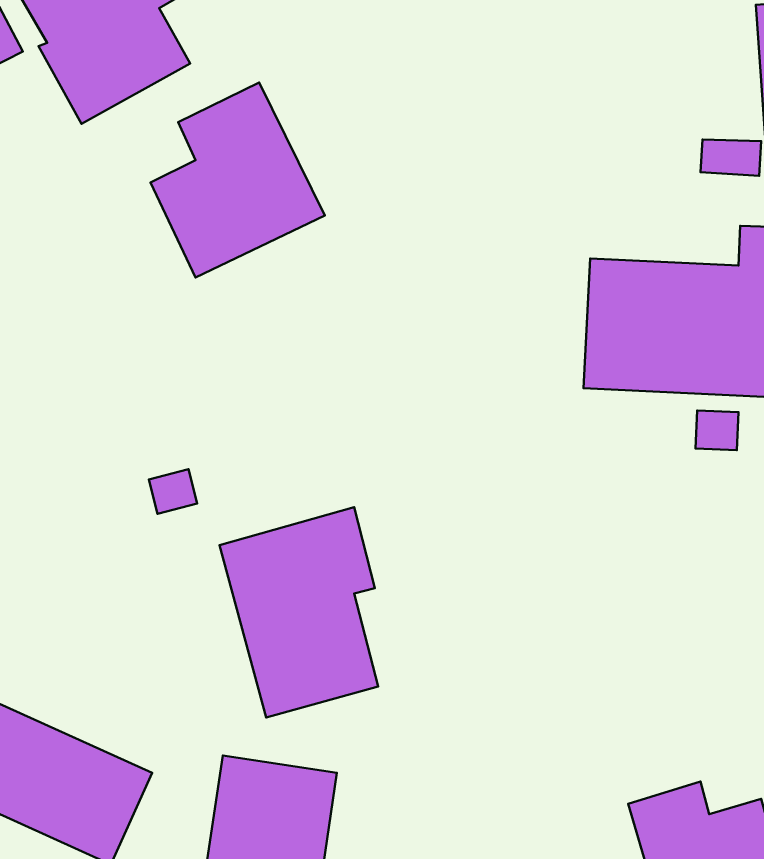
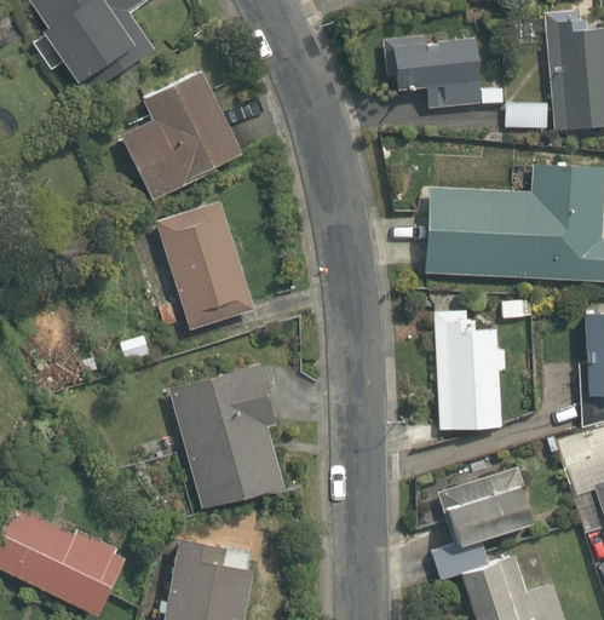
building: none -> [379,33,494,109]
building: none -> [154,197,259,333]
building: none -> [435,309,508,429]
building: none -> [439,470,535,550]

